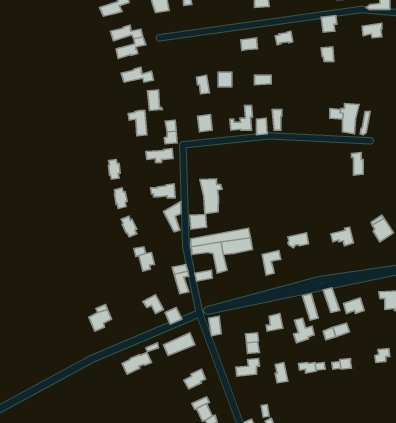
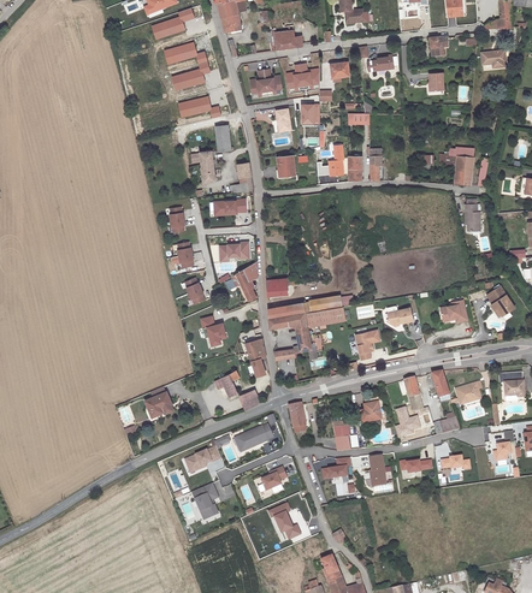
building: none -> [272,24,303,49]
building: none -> [286,60,318,87]
building: none -> [249,69,282,95]
building: [200,179,222,214] -> none
building: none -> [190,486,217,521]

